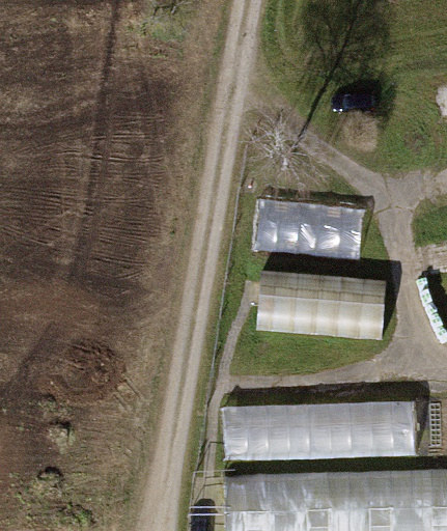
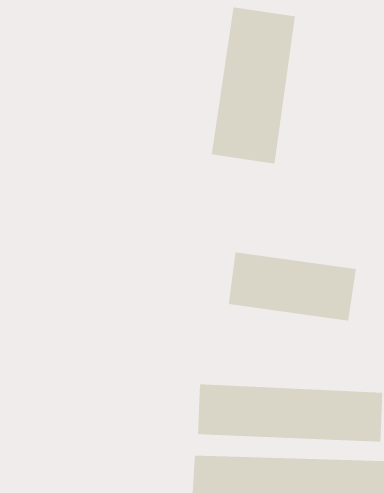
building: none -> [211,6,296,164]
building: [252,197,363,261] -> none

